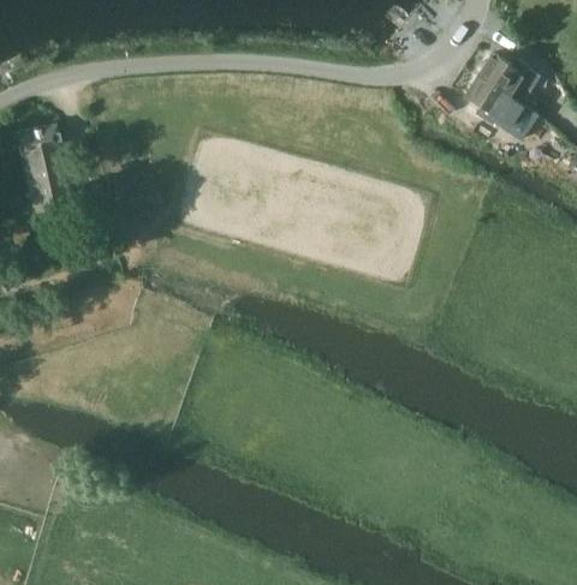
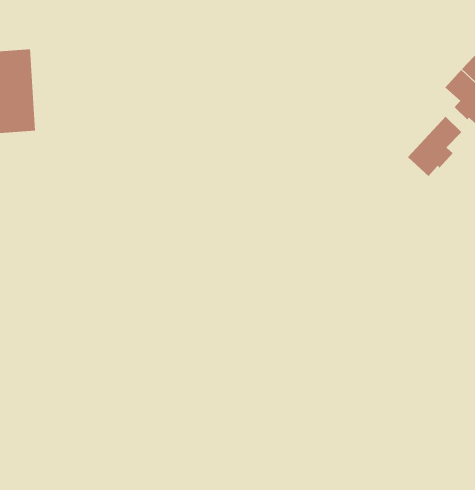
building: none -> [407,116,462,177]

